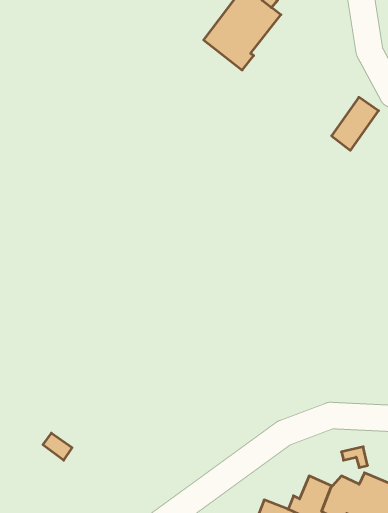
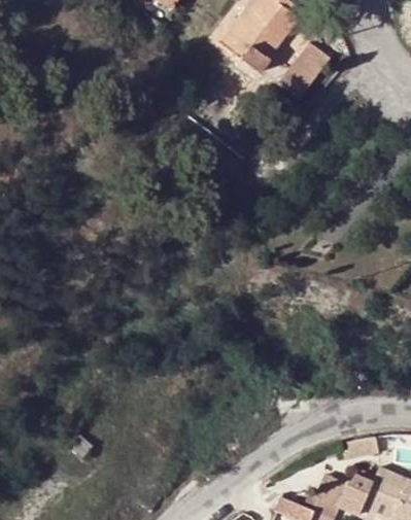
building: [332,97,379,150] -> [282,42,329,95]

